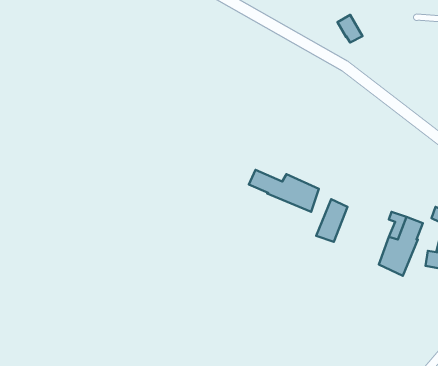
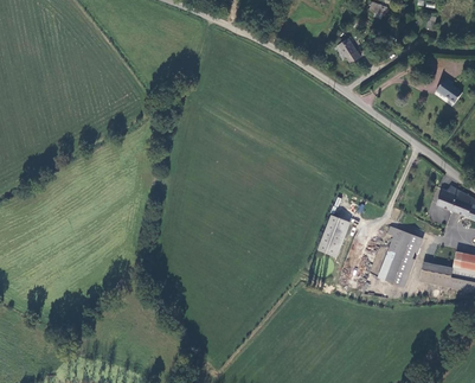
building: [249,170,319,212] -> none

